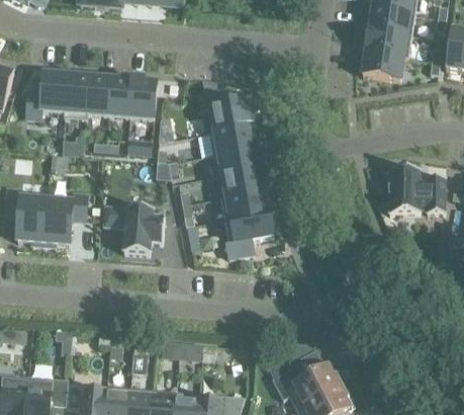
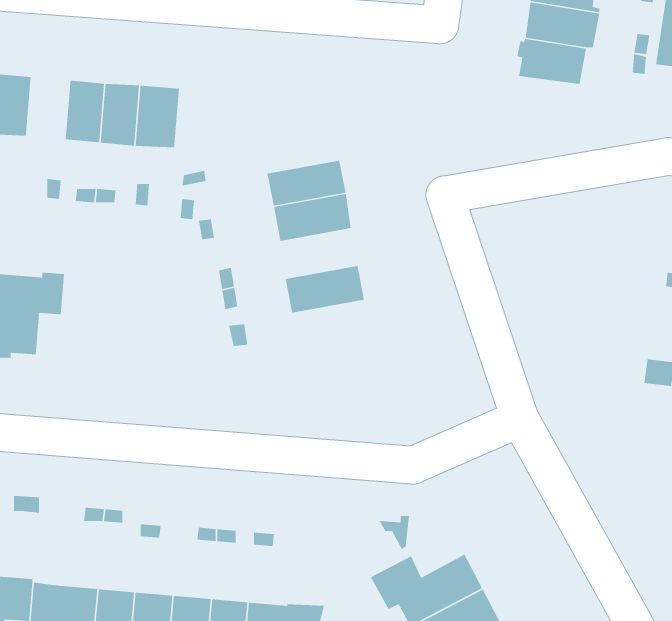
building: [63,75,90,118] -> none
building: [199,90,254,135] -> none
building: [217,167,265,197] -> none
building: [389,168,445,213] -> none
building: [104,205,165,254] -> none
building: [224,211,274,257] -> none

